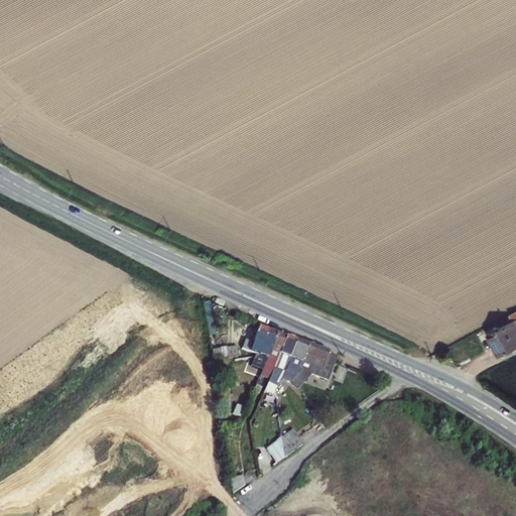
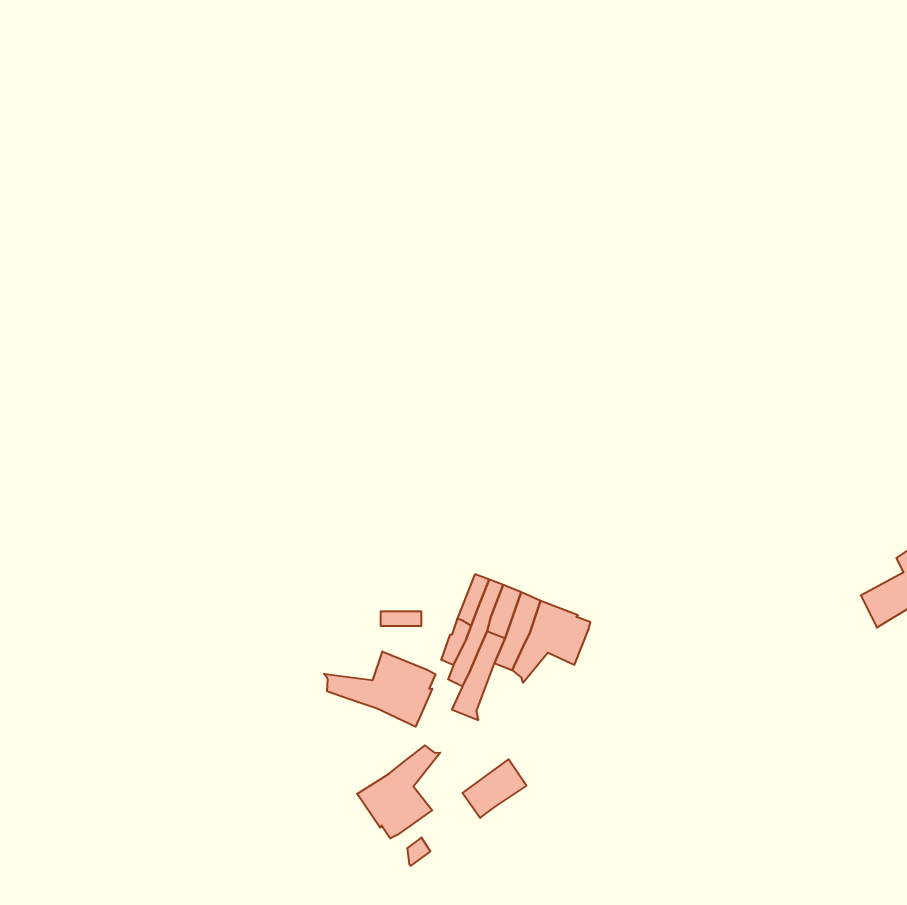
building: none -> [324,651,436,727]
building: none -> [357,745,440,838]

